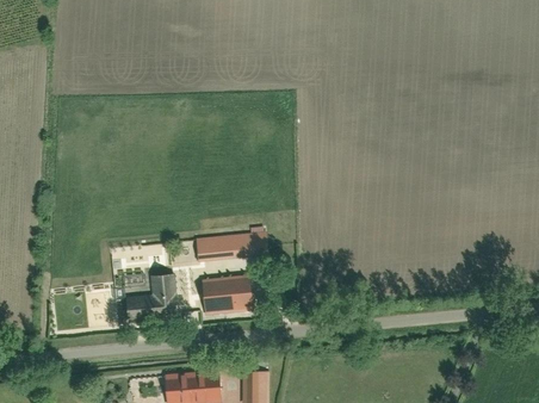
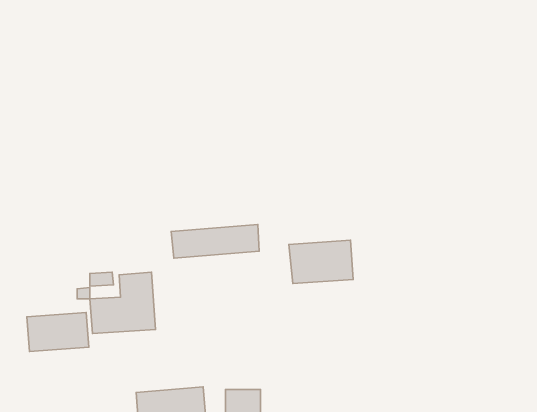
building: [199,277,254,314] -> [289,240,353,284]
building: none -> [27,313,89,351]

